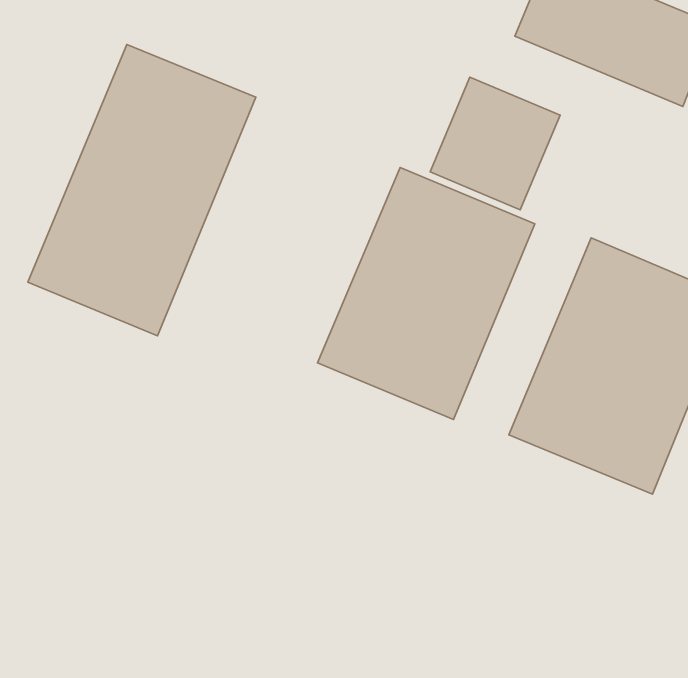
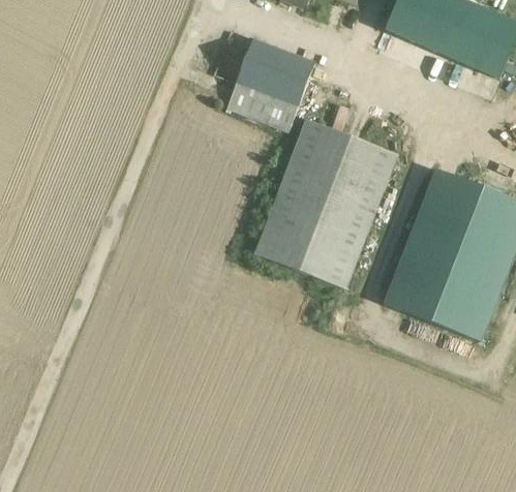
building: [28,44,256,336] -> none
building: [430,77,560,210] -> [227,39,315,129]

